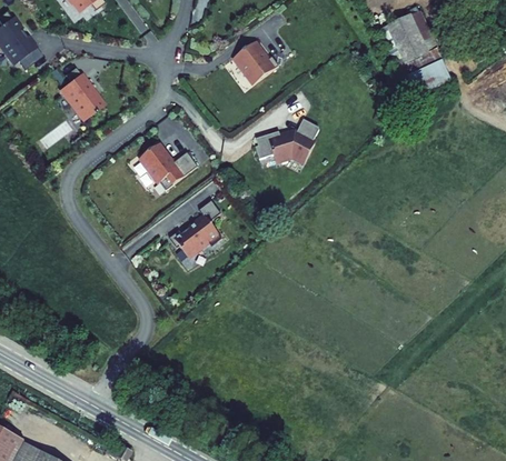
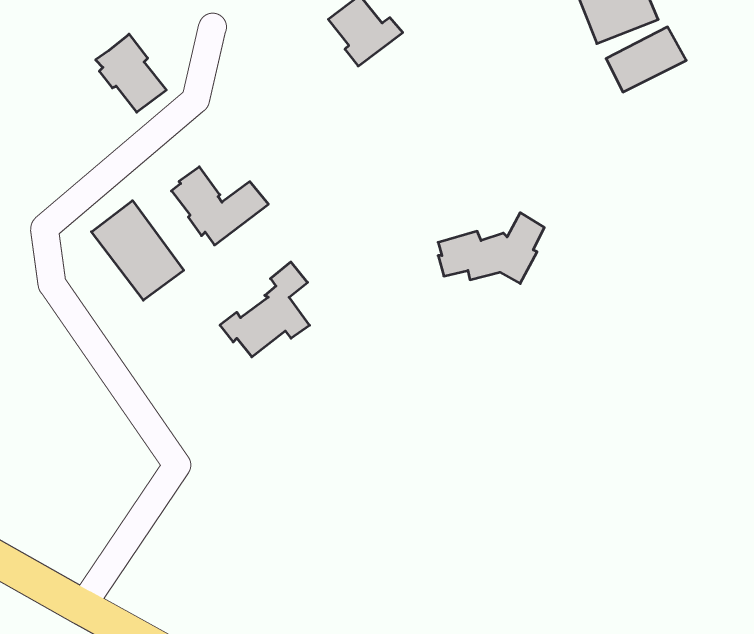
building: [60,73,102,120] -> [96,34,166,112]
building: [256,121,319,163] -> [438,213,544,284]
building: none -> [91,201,184,300]

